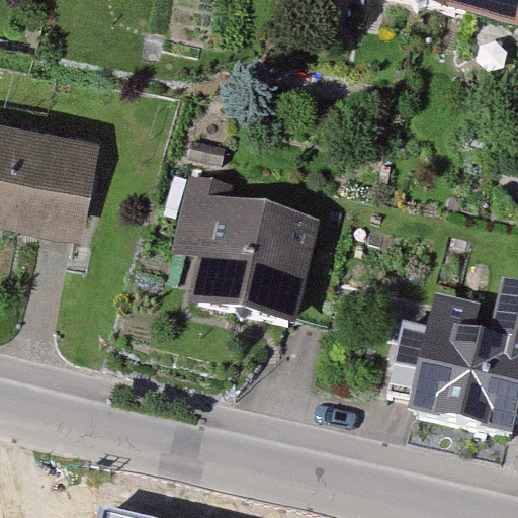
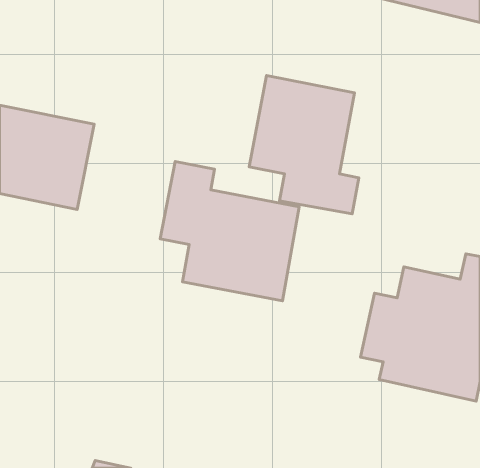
building: none -> [249,75,359,214]

